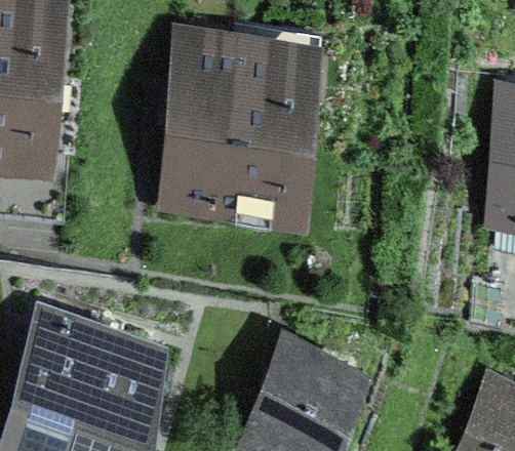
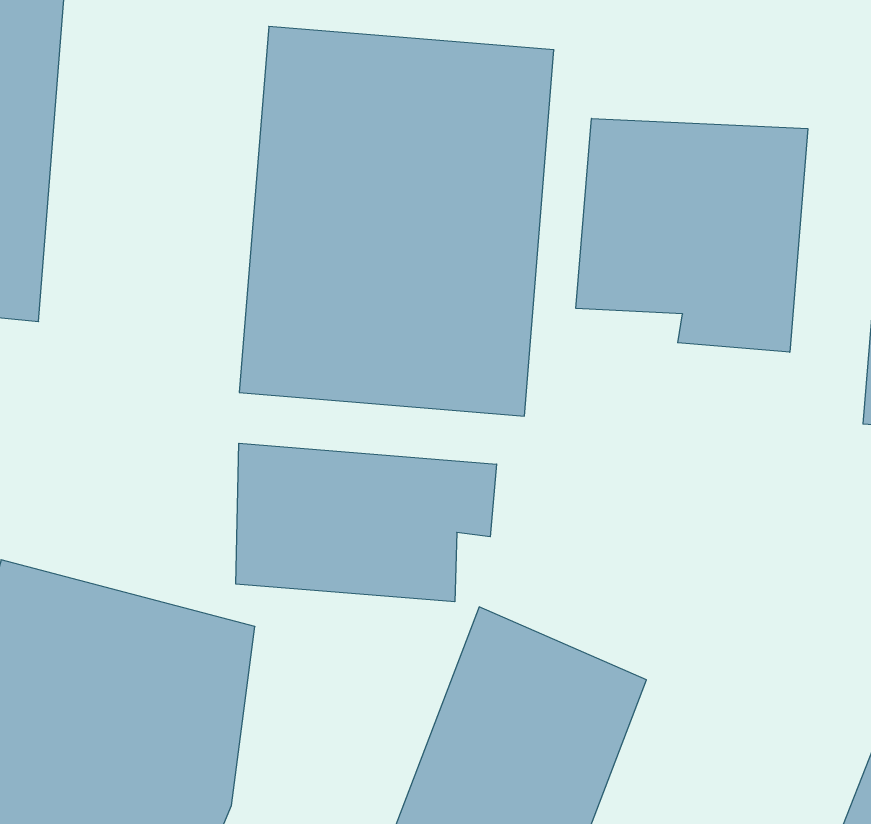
building: none -> [576,118,808,352]
building: none -> [236,443,497,602]

